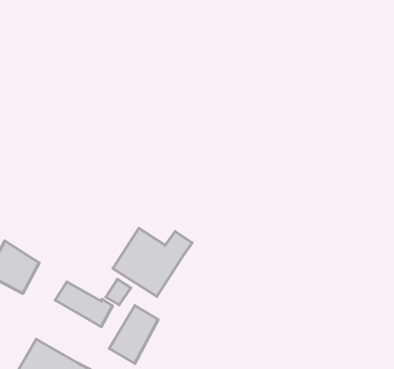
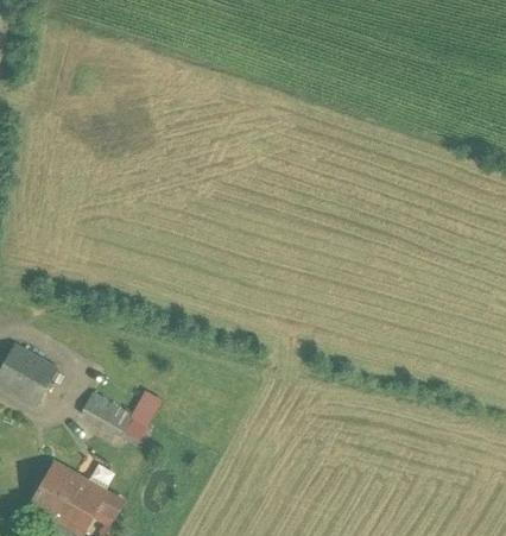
building: [113,228,192,296] -> none
building: [109,306,158,364] -> none

